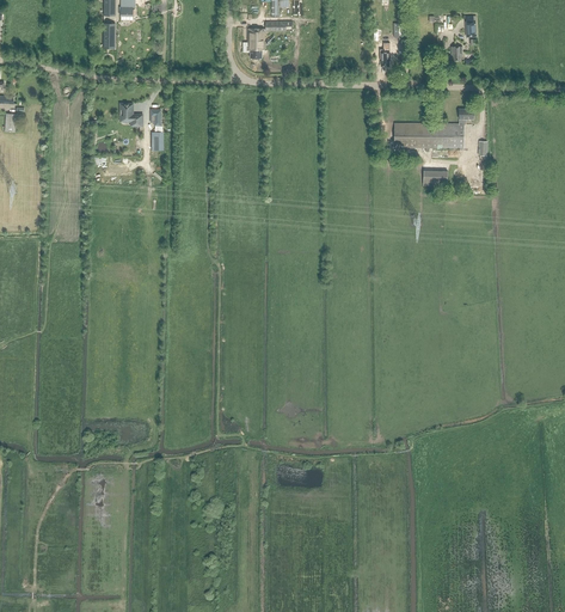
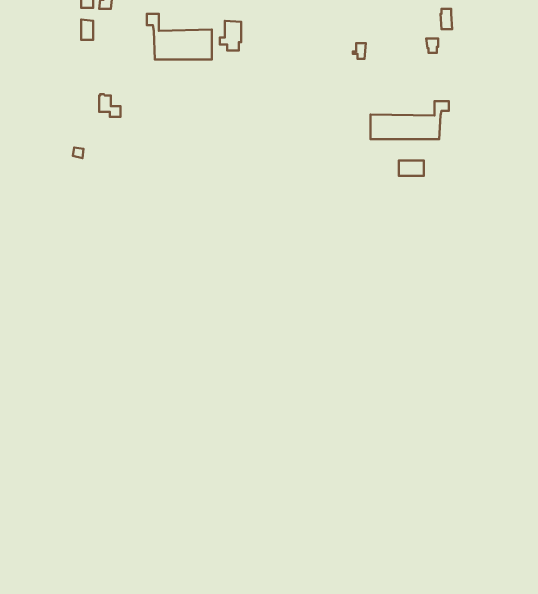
building: none -> [147,14,212,60]

